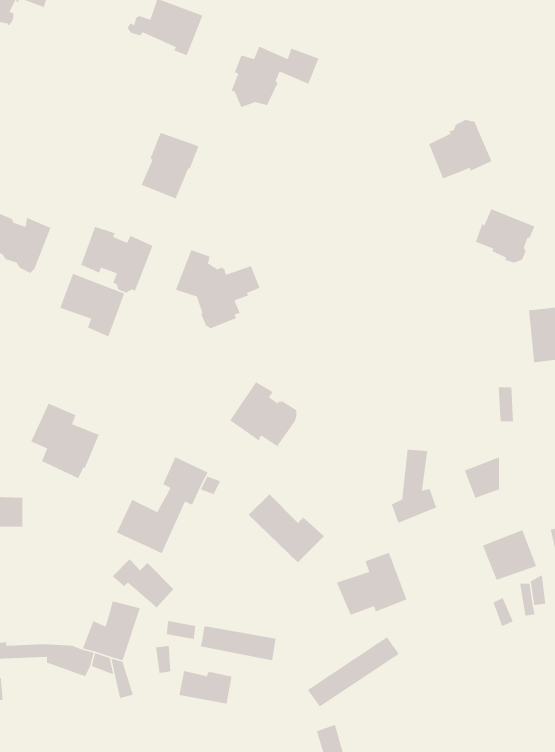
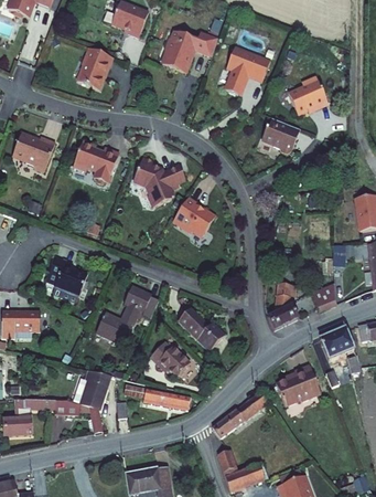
building: none -> [226,45,271,96]
building: [141,132,200,200] -> [78,47,115,89]
building: [475,208,535,264] -> [262,116,300,150]
building: [59,273,125,337] -> none
building: [229,381,297,447] -> [172,195,214,236]
building: [336,552,407,616] -> [277,364,321,404]
building: [112,559,174,609] -> [152,343,191,374]
building: [179,670,233,704] -> none

